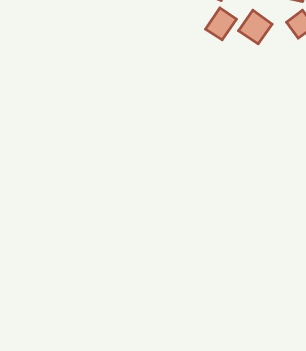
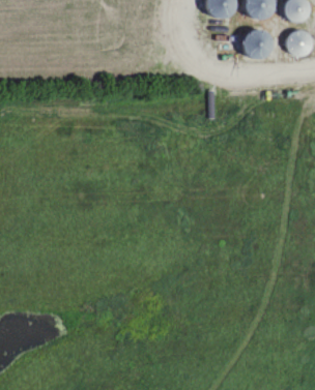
building: [206,8,236,40] -> none

